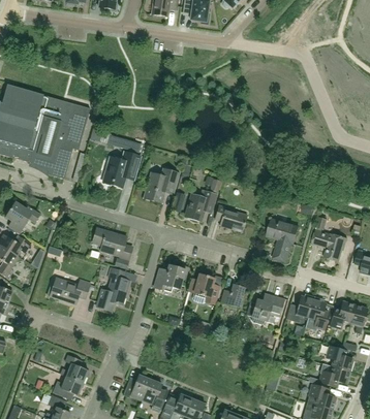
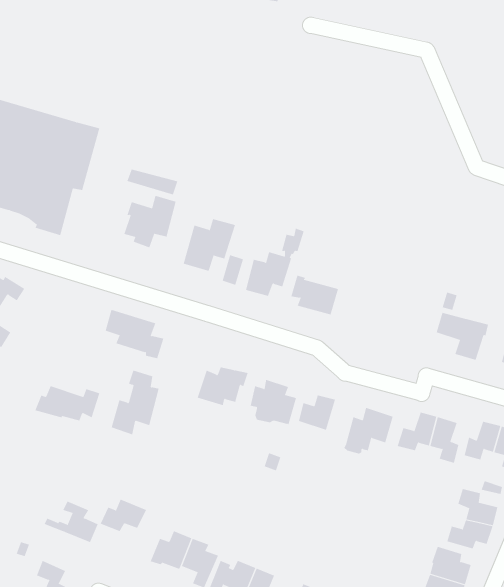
building: [267,218,300,261] -> none
building: [53,375,84,396] -> [100,499,147,532]

